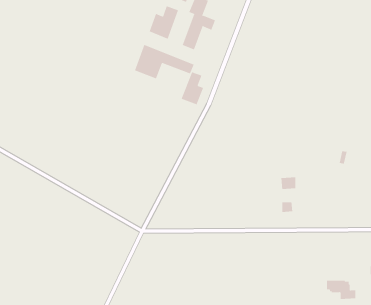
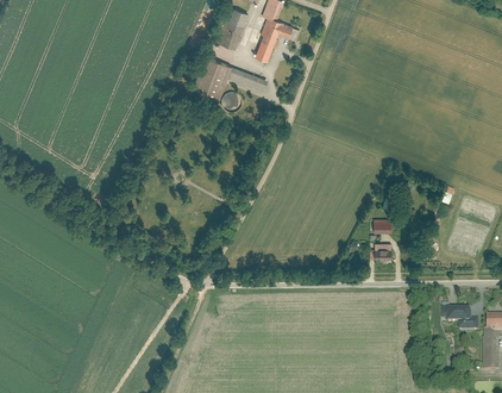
building: [181,71,204,105] -> none
building: [326,280,356,300] -> [441,306,478,330]

